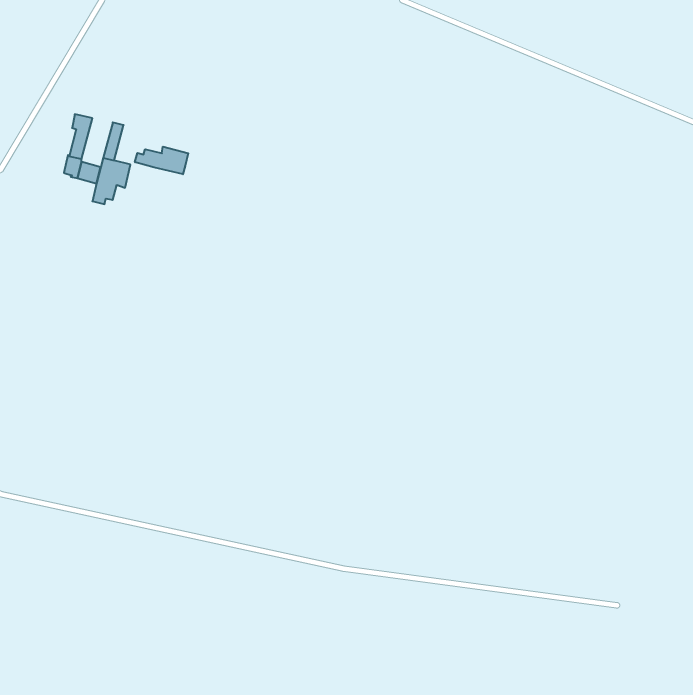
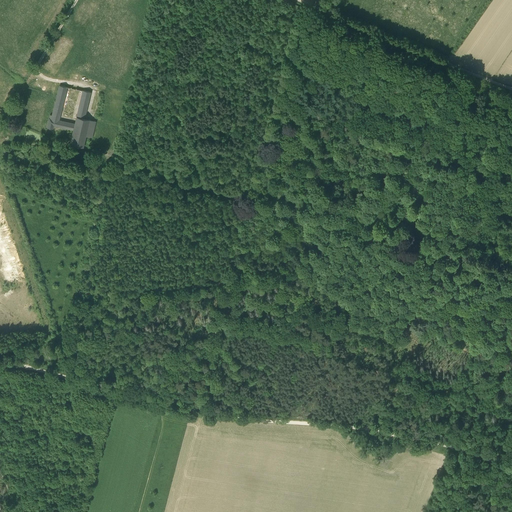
building: [135,147,188,174] -> none

